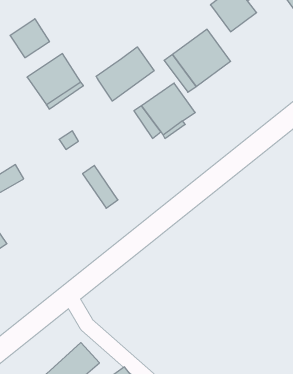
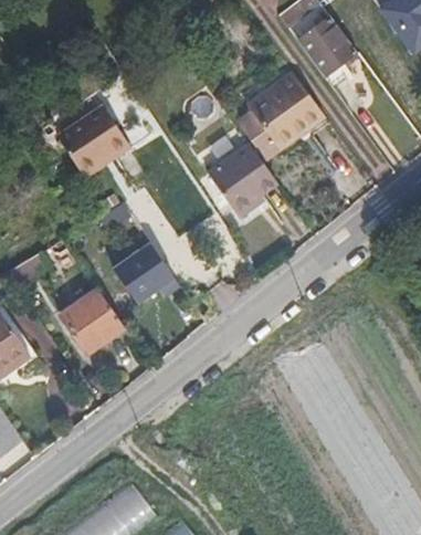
building: [10,19,49,58] -> none
building: [96,47,154,101] -> none
building: none -> [60,289,125,354]

